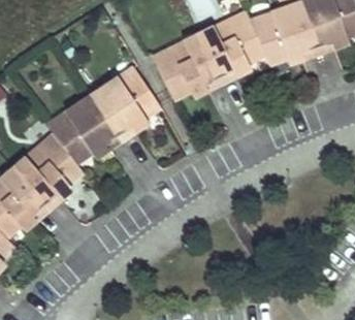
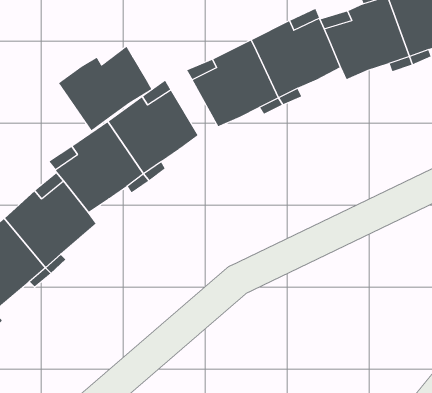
building: none -> [58,46,152,131]

